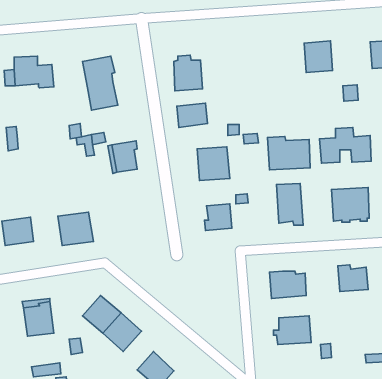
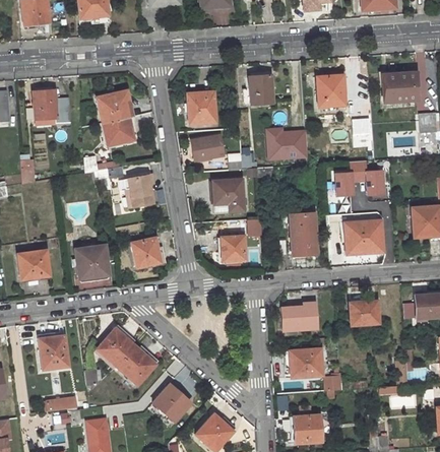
building: none -> [250,75,273,105]
building: [267,136,310,170] -> [265,127,308,160]
building: none -> [128,238,158,266]

